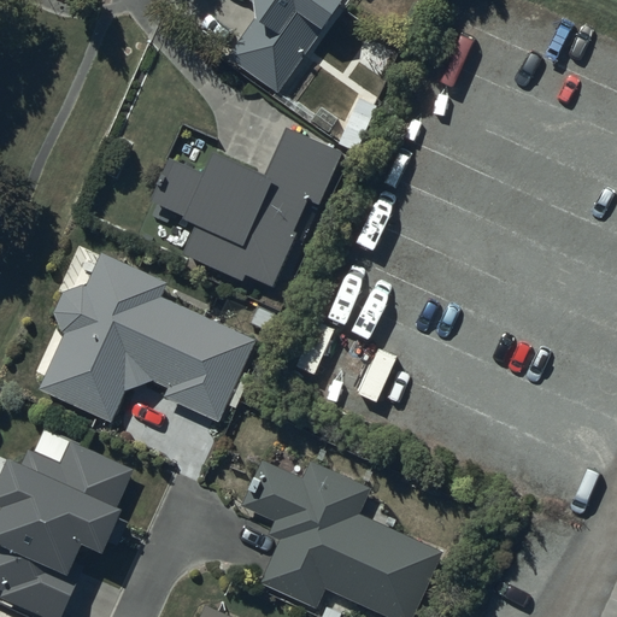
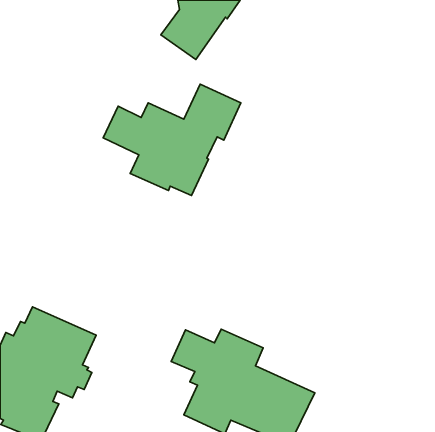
building: [37,248,251,417] -> none

